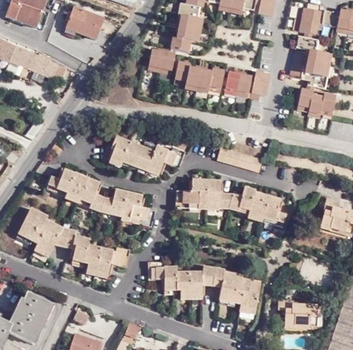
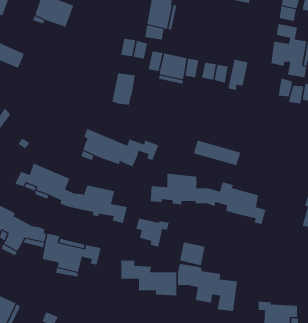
building: none -> [112,72,135,106]
building: none -> [136,218,170,248]
building: none -> [180,242,205,266]

